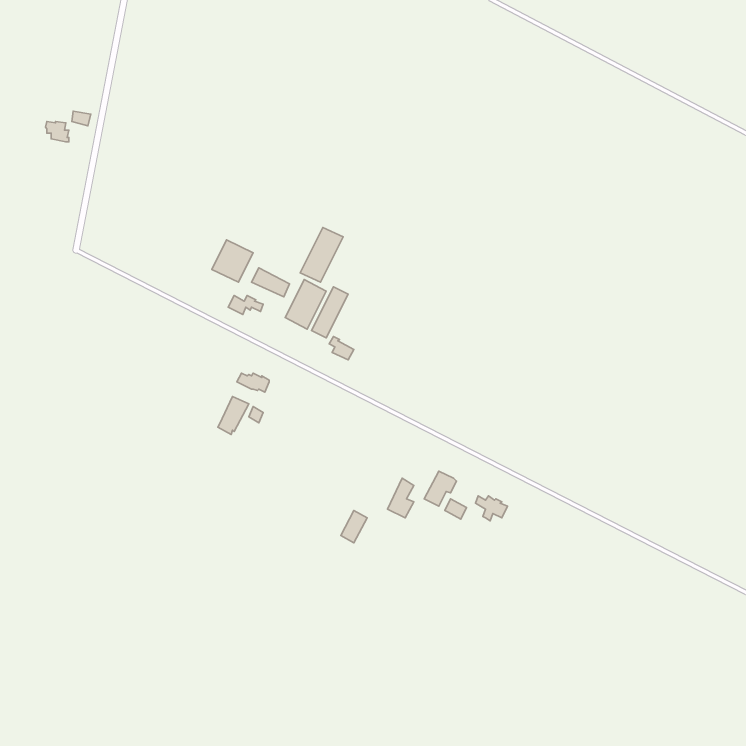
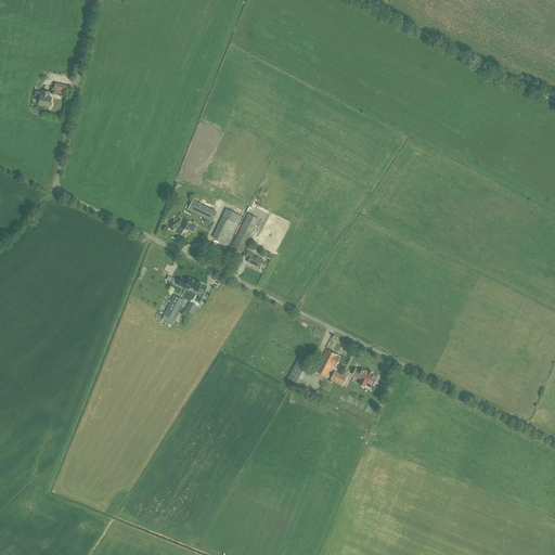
building: [300,228,343,282] -> none
building: [212,240,253,282] -> none

